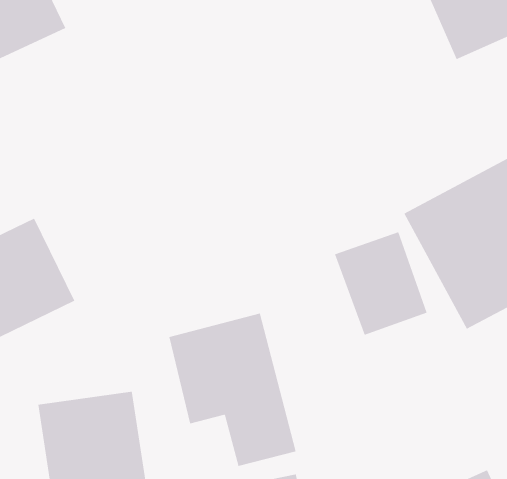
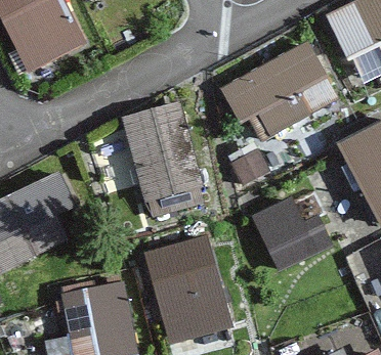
building: none -> [228,40,340,144]
building: none -> [120,99,205,213]

